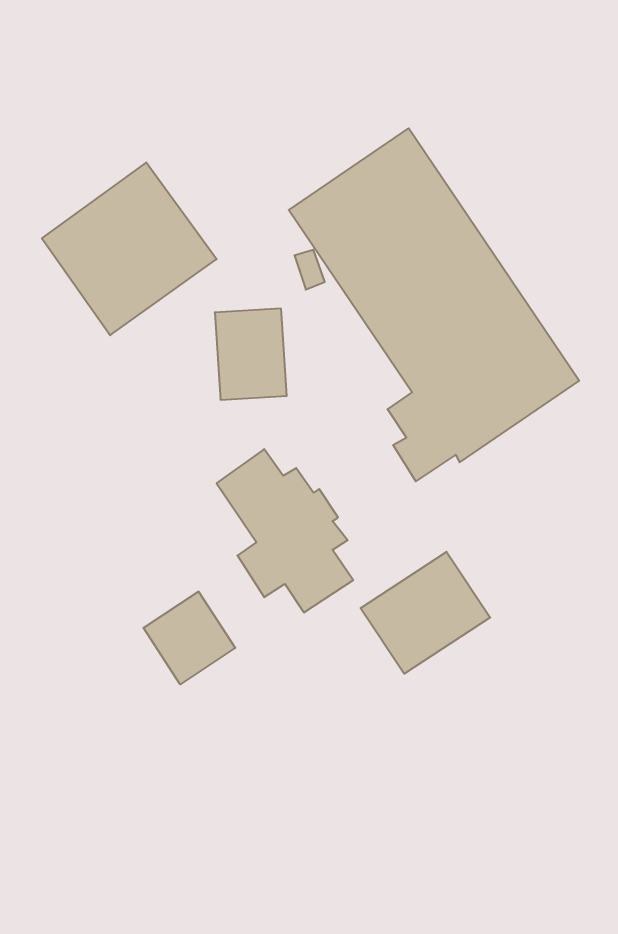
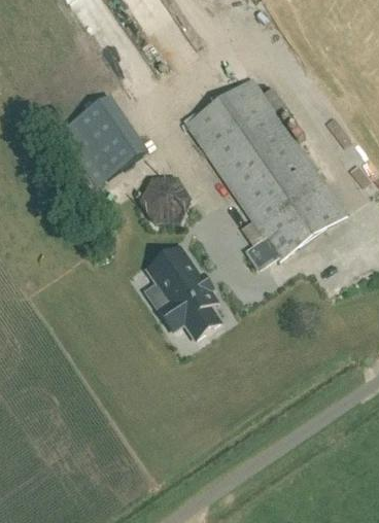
building: [361,552,490,674] -> none
building: [143,591,235,684] -> none

